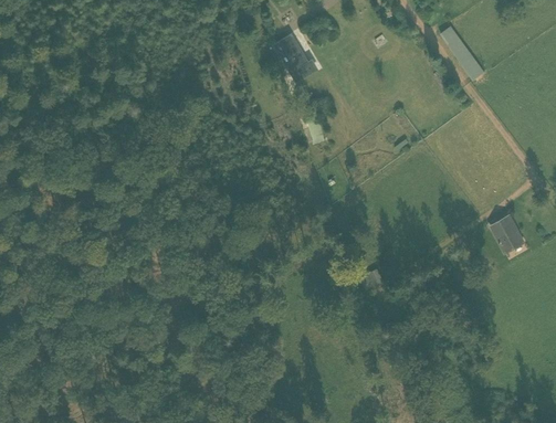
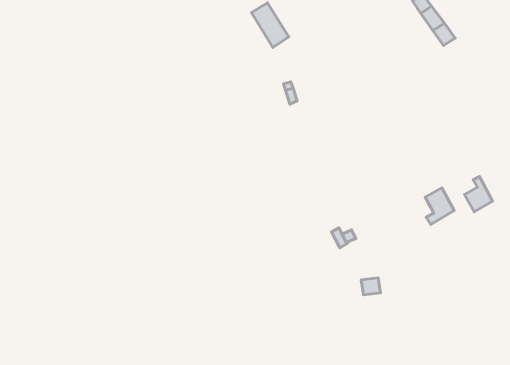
building: none -> [425,188,454,225]

